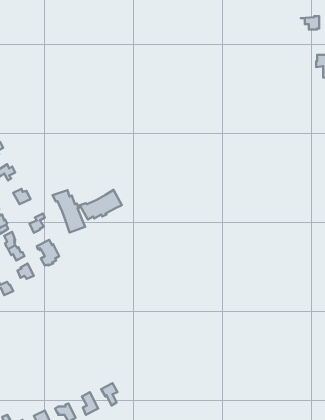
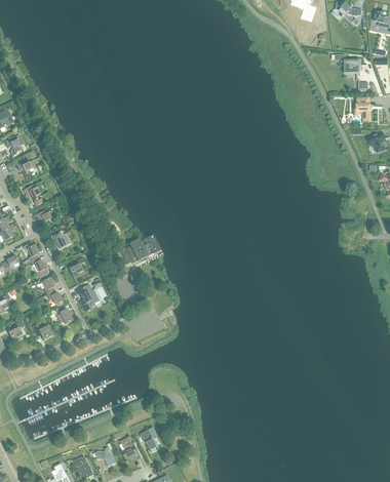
building: [52,190,85,233] -> none

